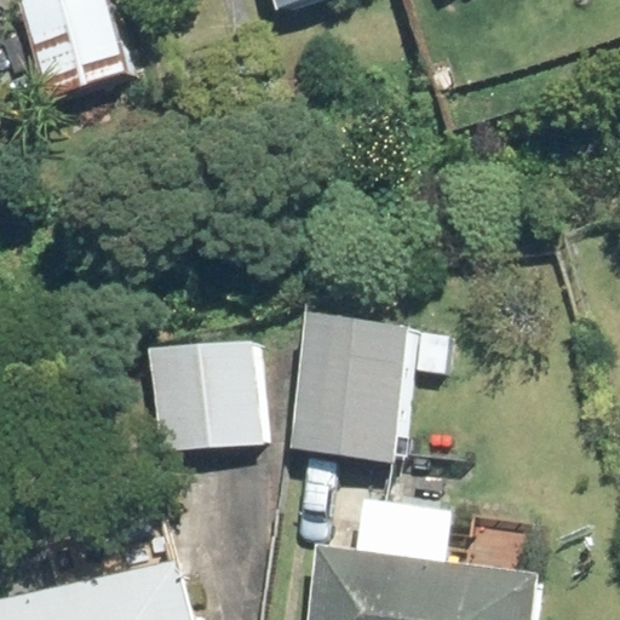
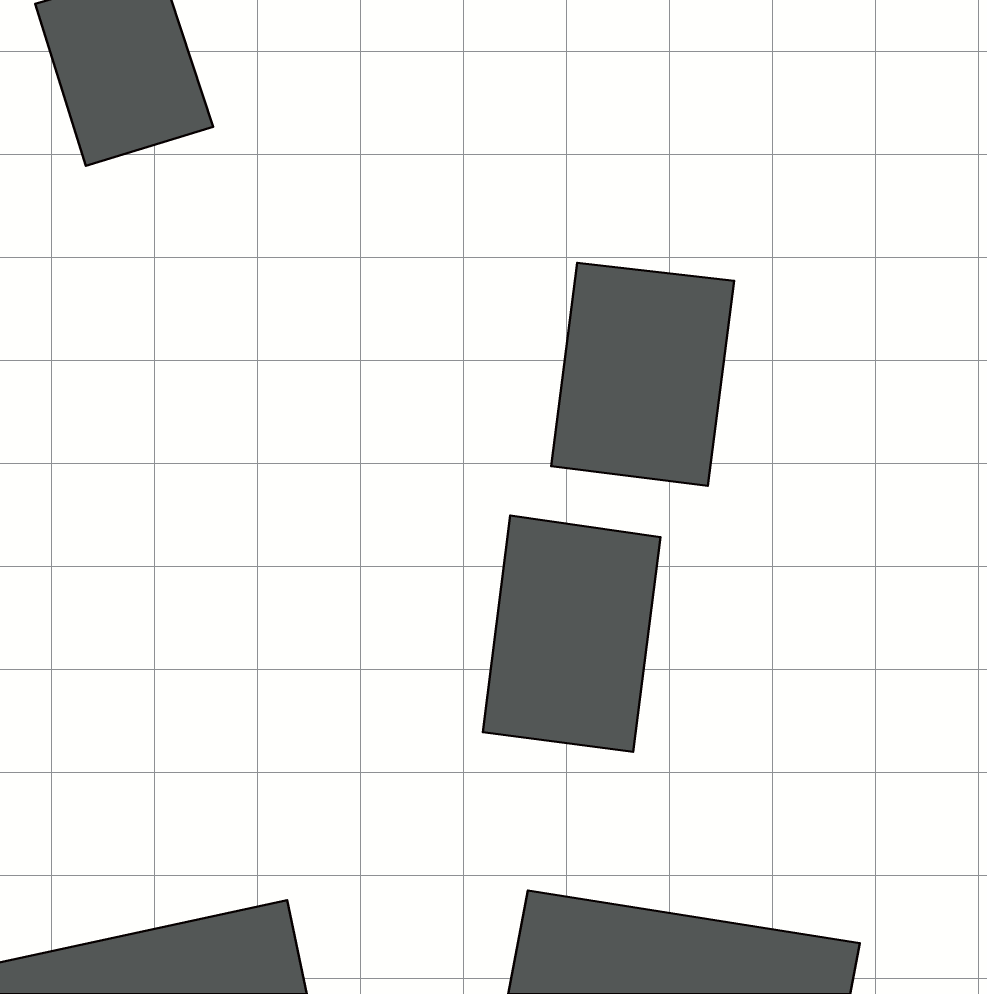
building: none -> [551,263,734,486]
building: [143,343,256,449] -> none

